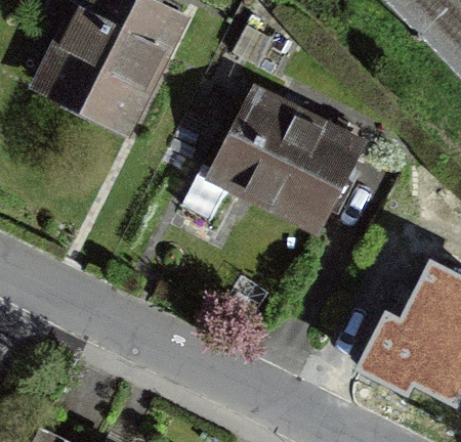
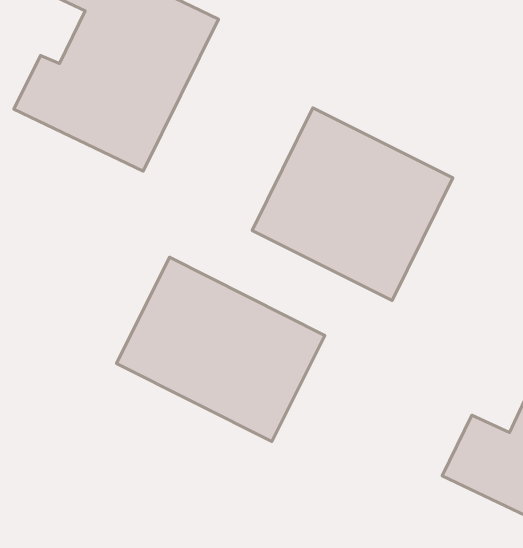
building: none -> [116,257,325,442]

